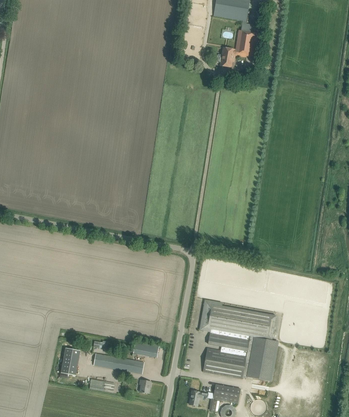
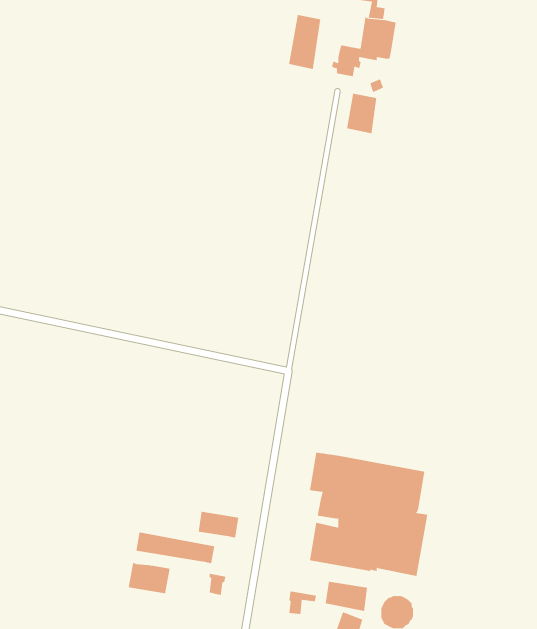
building: none -> [288,14,321,70]
building: none -> [346,93,377,134]
building: [61,347,80,375] -> none

